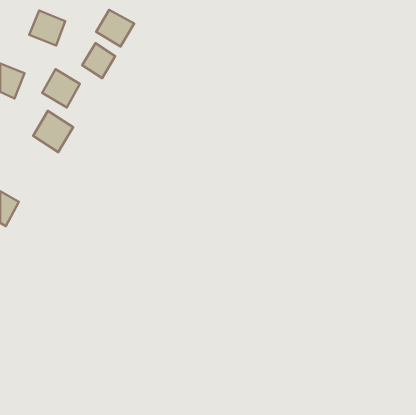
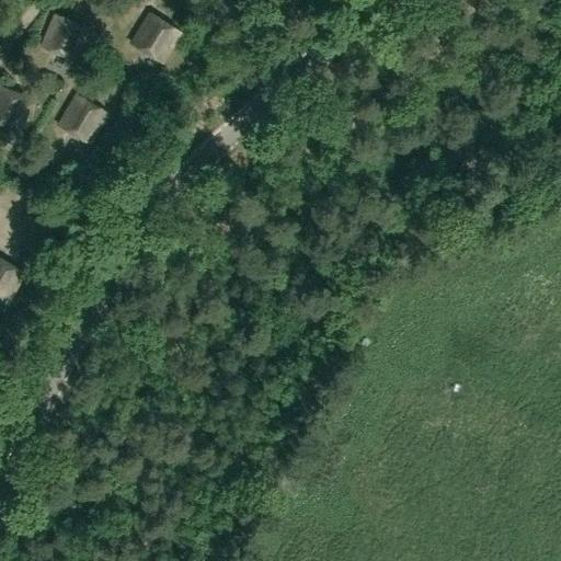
building: [82,43,115,78] -> none
building: [33,111,73,152] -> none

